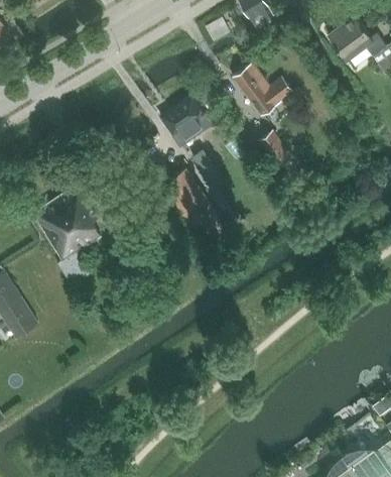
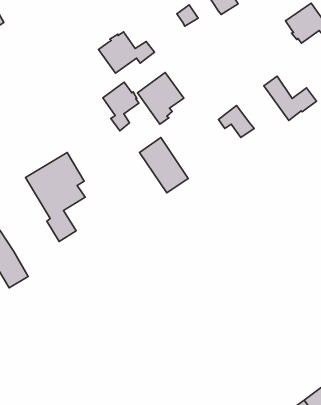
building: none -> [98,32,155,73]
building: [235,66,294,116] -> [264,76,316,121]
building: none -> [103,82,139,131]

